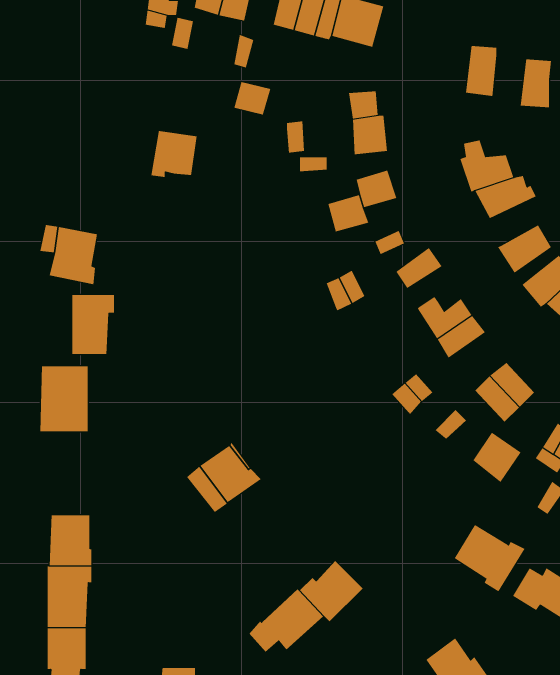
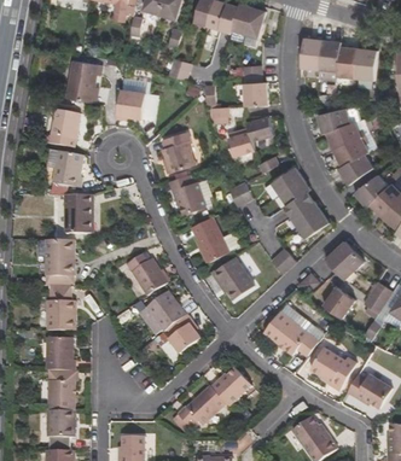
building: none -> [297,35,321,68]
building: none -> [335,43,356,76]
building: none -> [66,64,101,104]
building: none -> [46,111,80,150]
building: none -> [161,132,192,173]
building: none -> [333,134,368,165]
building: none -> [168,174,205,215]
building: none -> [280,179,315,208]
building: none -> [191,216,228,262]
building: none -> [127,253,168,296]
building: none -> [211,256,254,299]
building: none -> [43,285,76,331]
building: none -> [265,311,318,355]
building: none -> [167,314,202,354]

